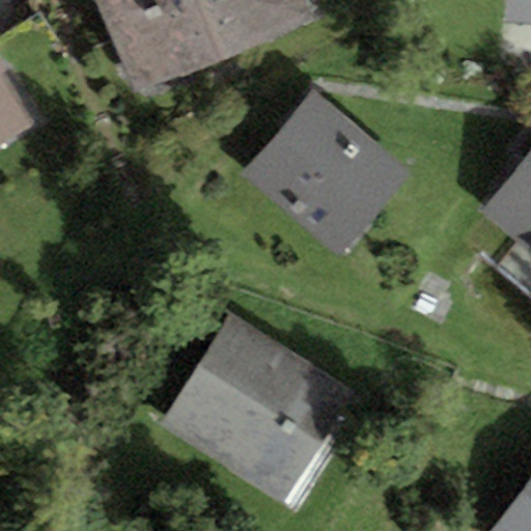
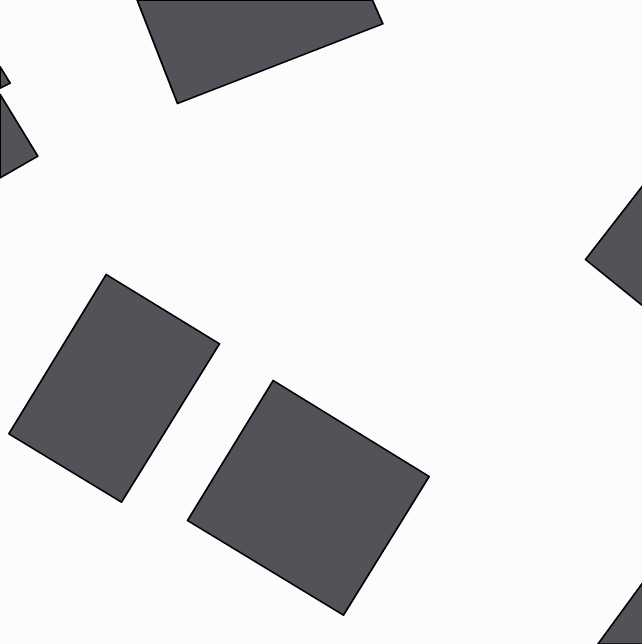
building: [245,93,410,255] -> none
building: none -> [9,274,220,502]

